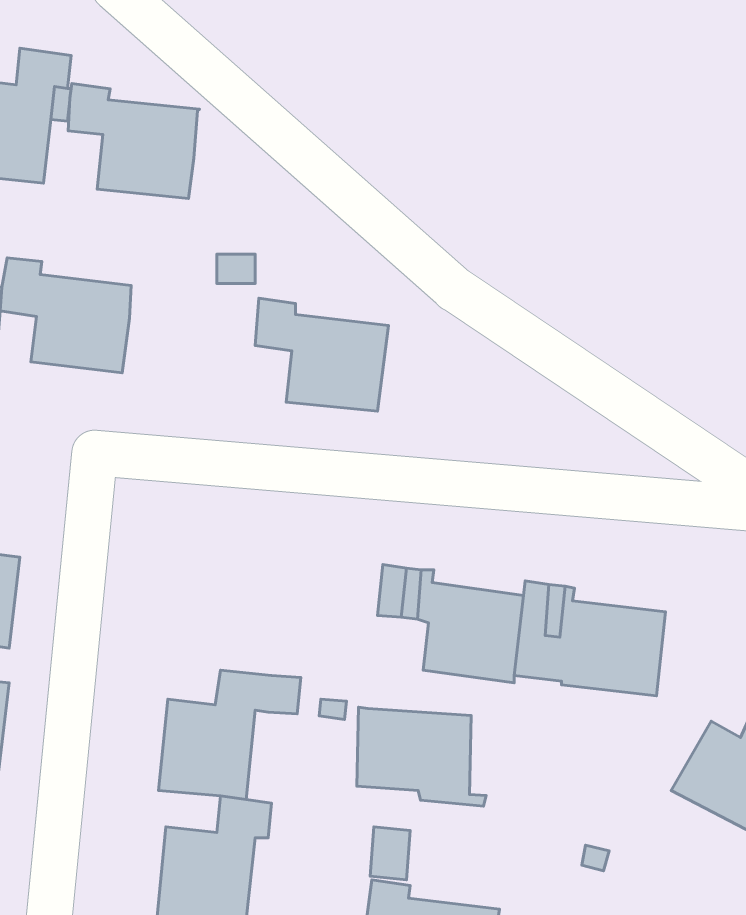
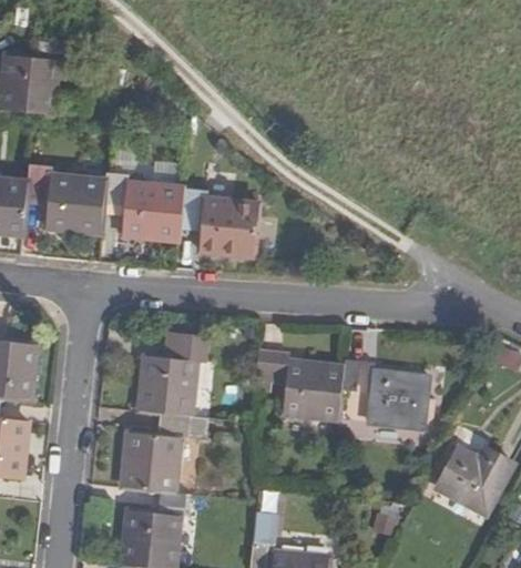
building: [68,83,199,198] -> [103,171,183,241]
building: none -> [137,338,204,417]
building: [357,707,486,806] -> none

